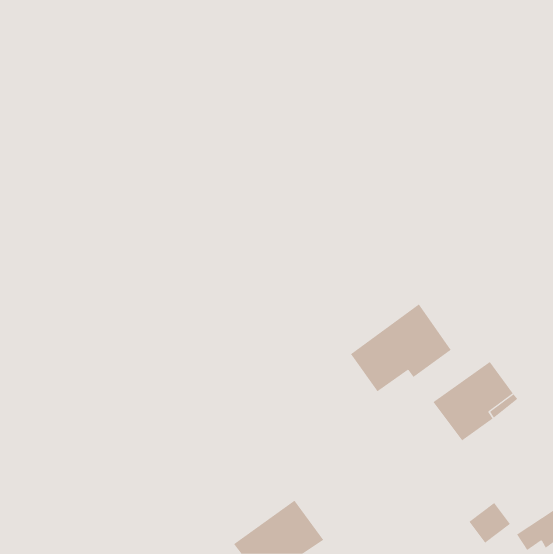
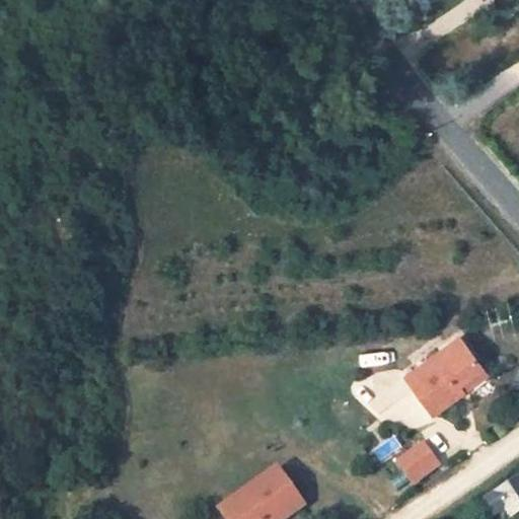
building: [350,304,452,392] -> none
building: [469,502,511,543] -> [398,444,438,483]

